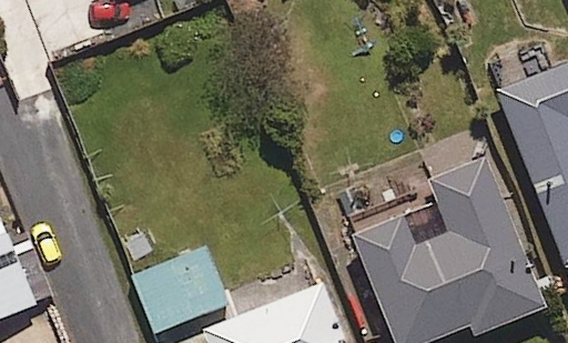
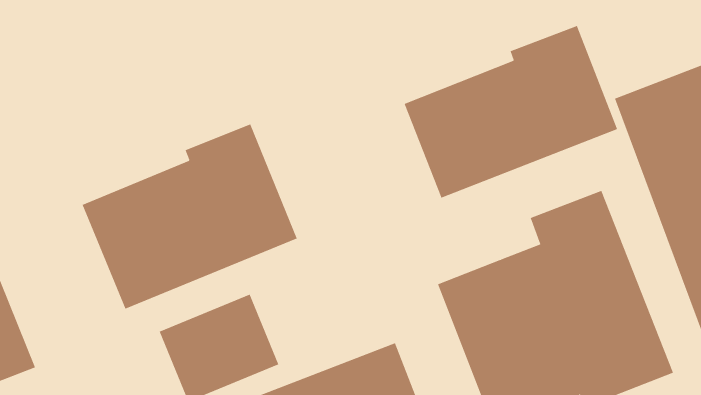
building: none -> [404,25,618,199]
building: none -> [82,124,298,309]

